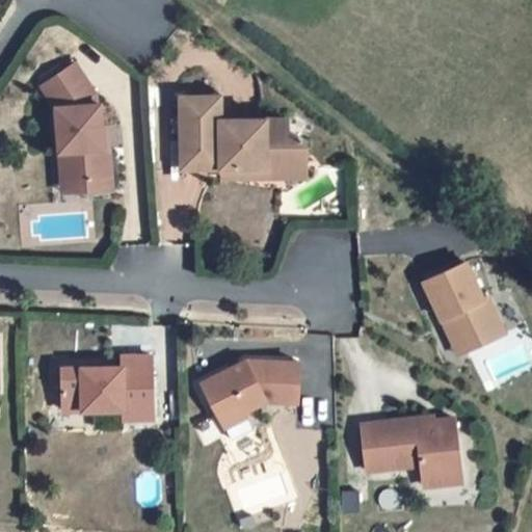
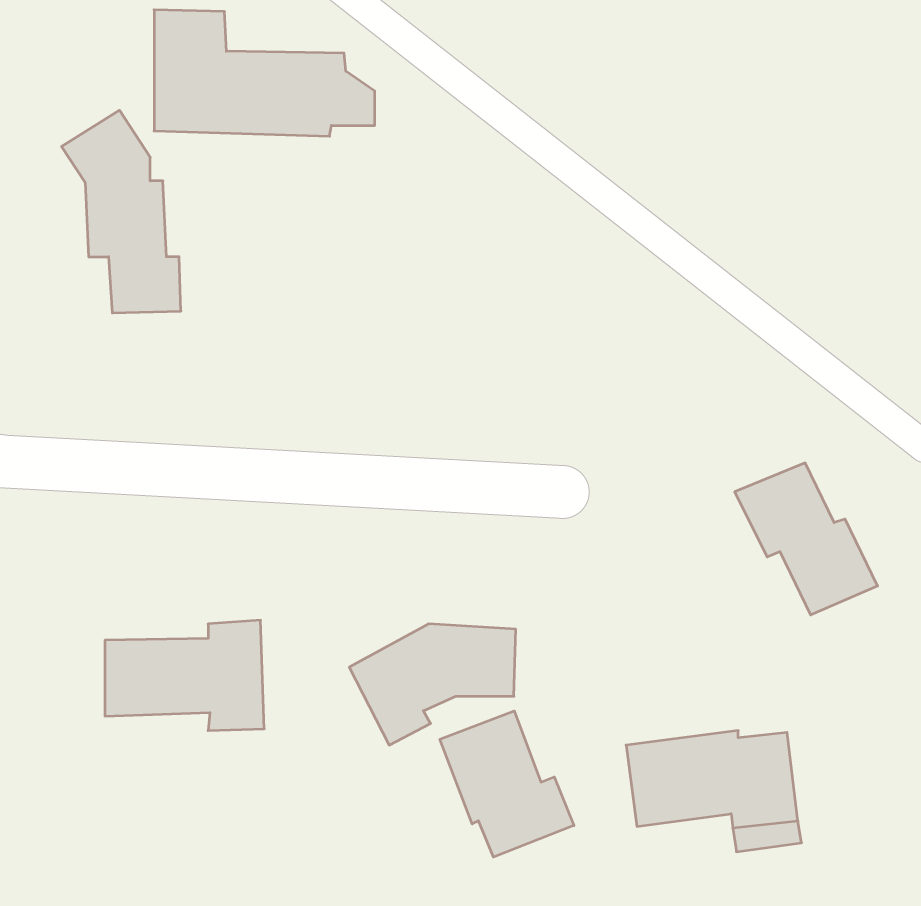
building: [175,98,301,170] -> [154,10,375,136]
building: none -> [440,711,574,857]

